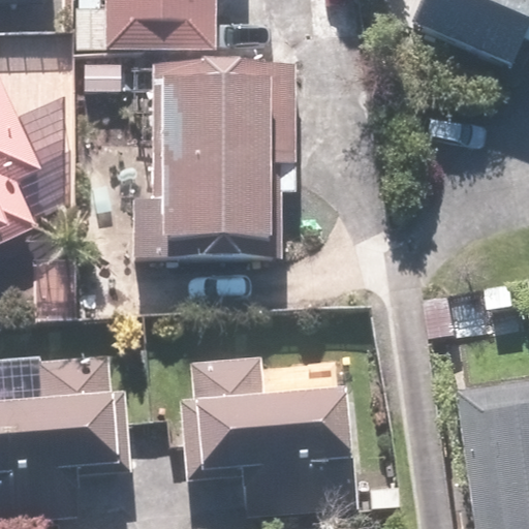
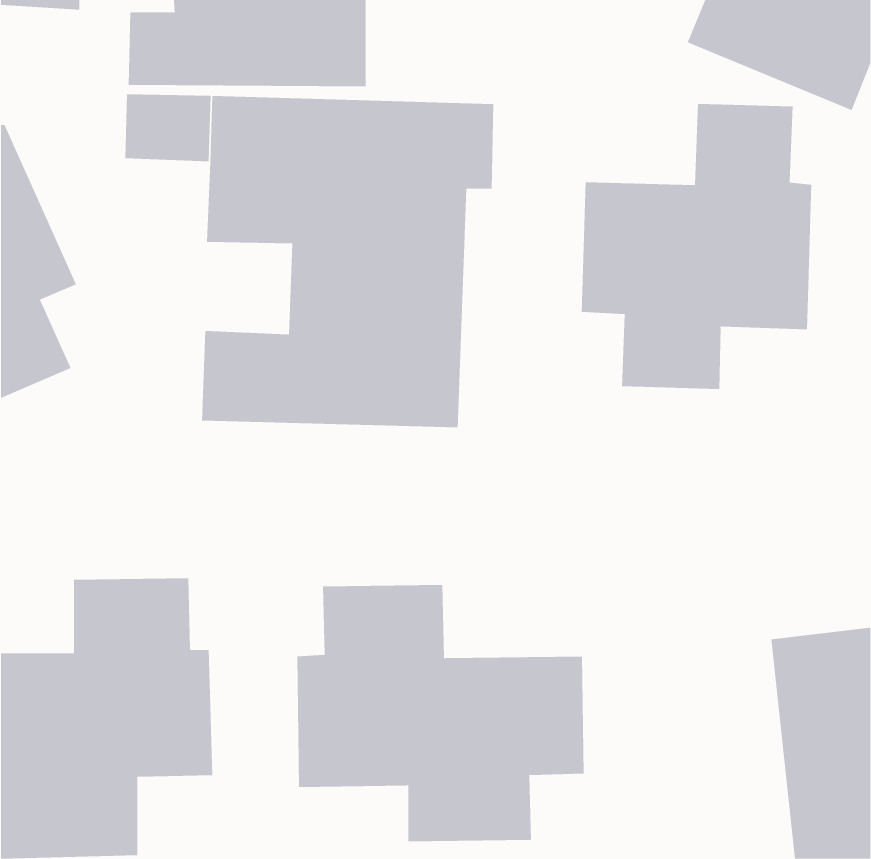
building: none -> [581,103,812,390]

